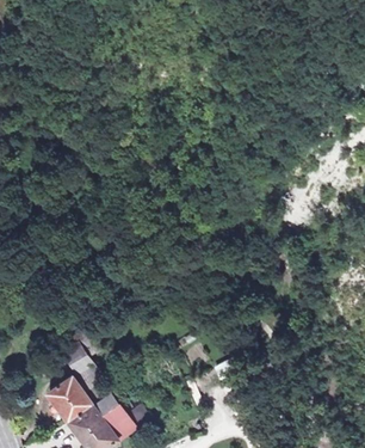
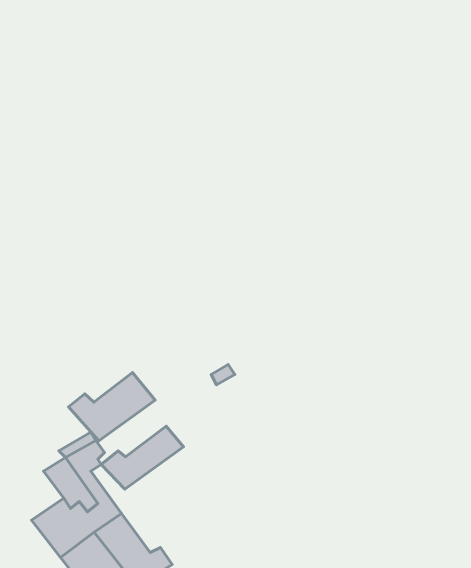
building: none -> [68,372,155,441]
building: none -> [101,426,183,489]

